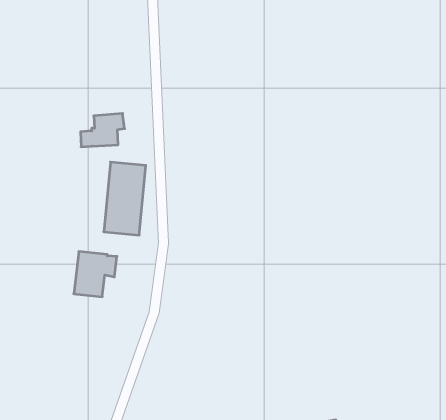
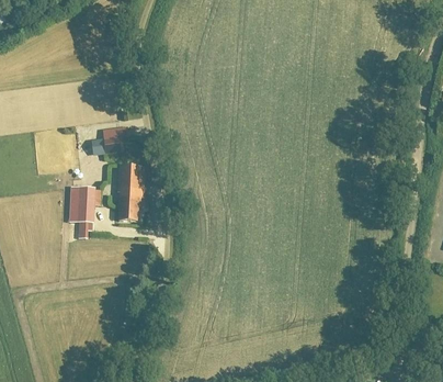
building: [74,252,117,297] -> [70,187,103,222]

